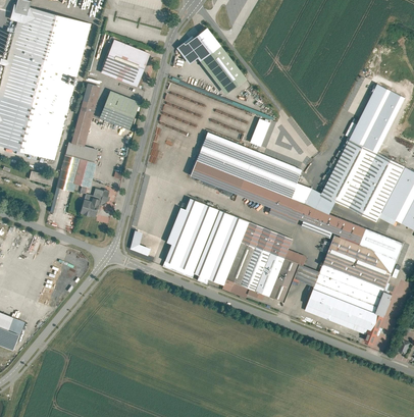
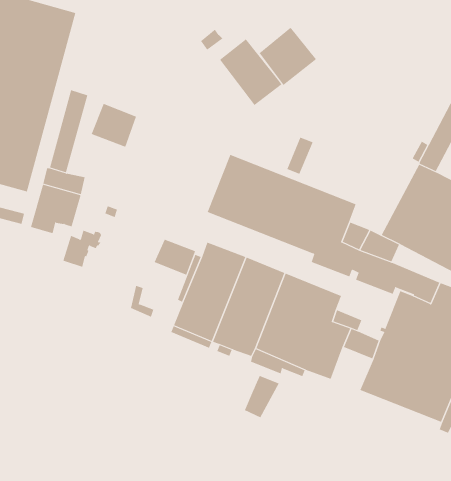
building: none -> [259,27,317,86]
building: [101,40,149,88] -> none
building: none -> [154,239,196,276]
building: none -> [244,375,280,418]

